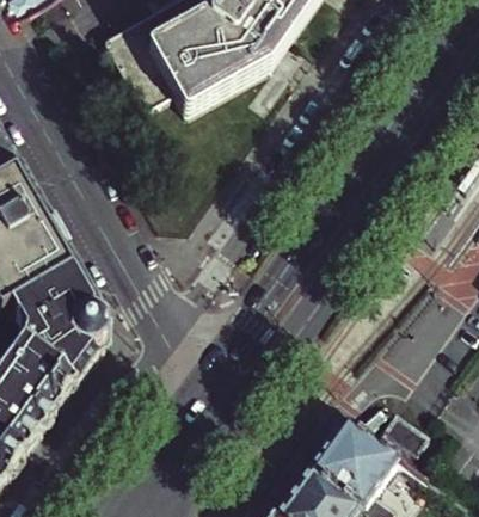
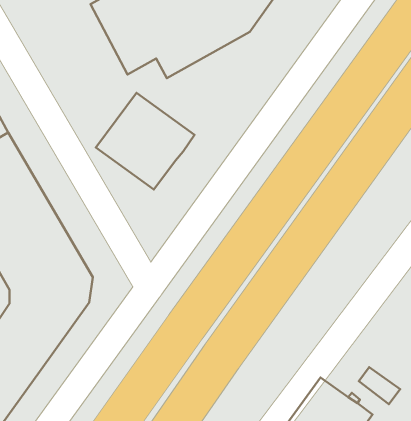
building: none -> [96,93,194,190]

